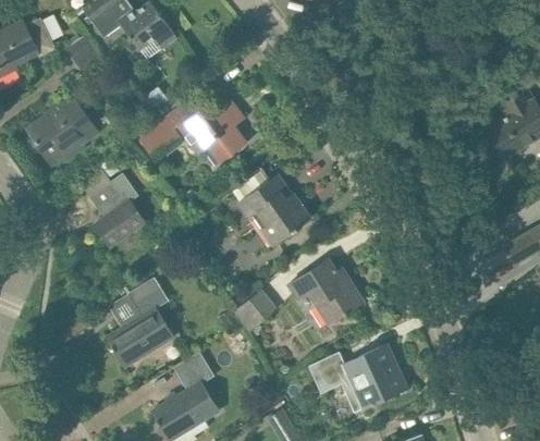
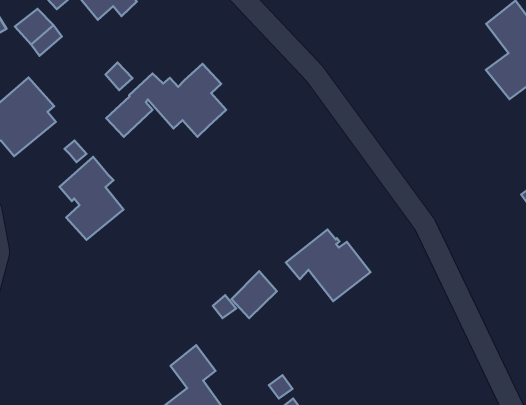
building: [235,175,310,245] -> none
building: [106,278,173,367] -> none
building: [308,346,404,412] -> none

